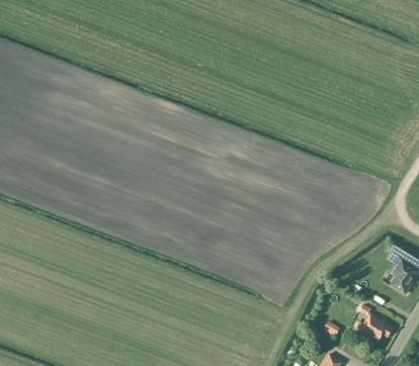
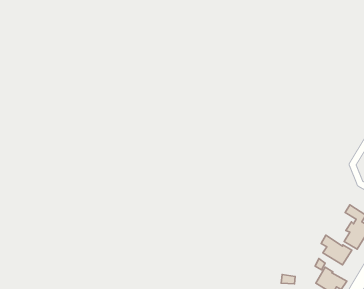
building: none -> [321,235,352,265]

